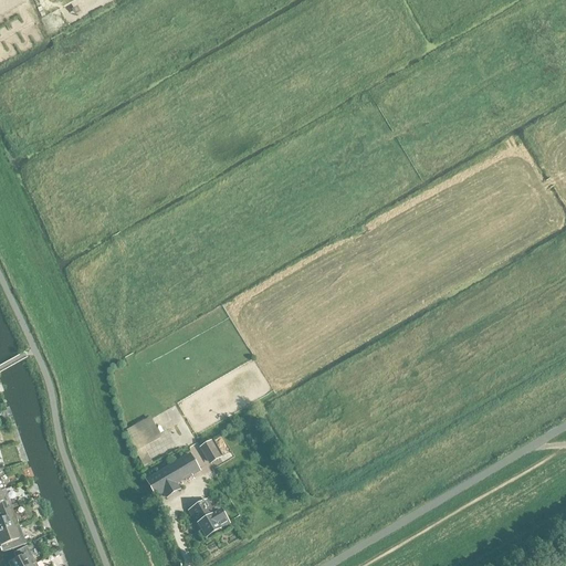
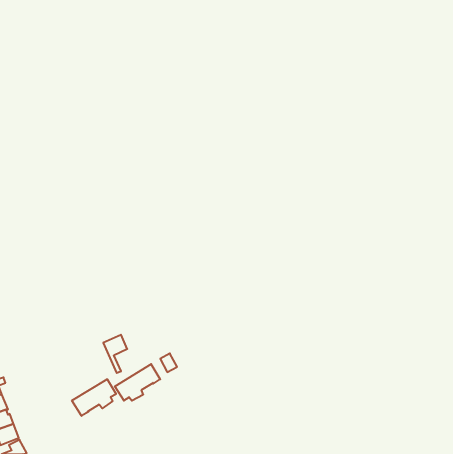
building: none -> [72,379,116,416]
building: [187,501,227,537] -> none

